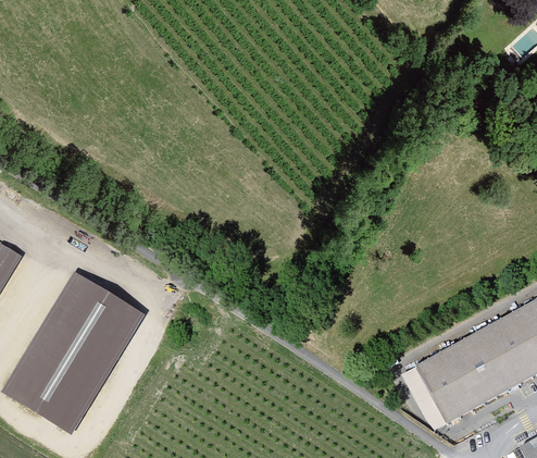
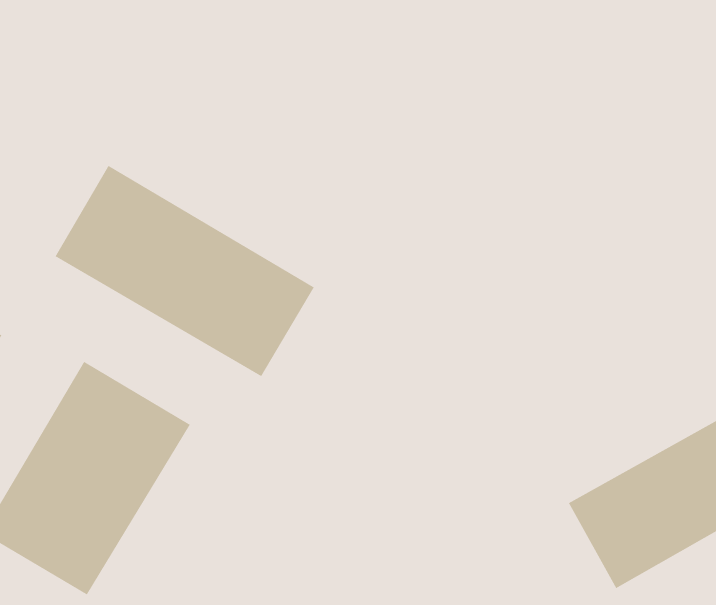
building: none -> [54,165,315,377]

